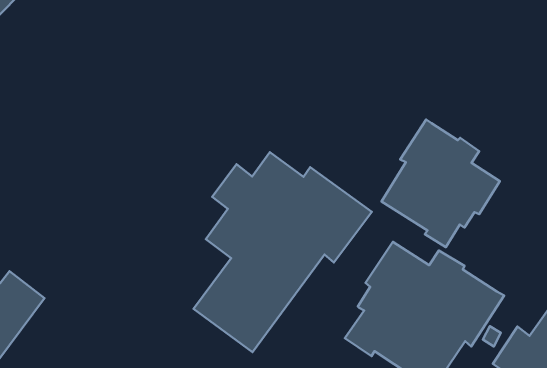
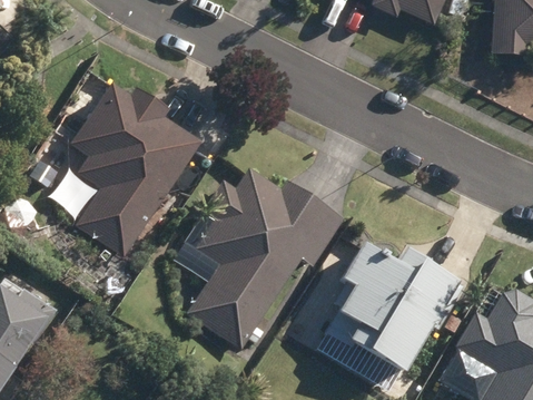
building: none -> [68,88,196,255]
building: [382,119,500,247] -> none

